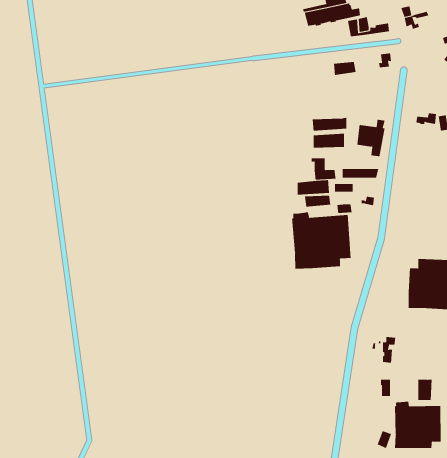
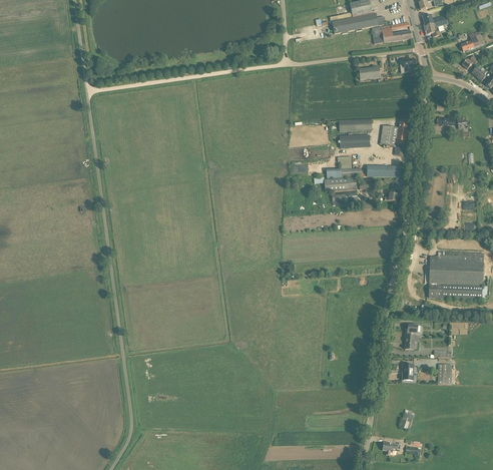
building: [292,212,351,270] -> none
building: [395,401,441,449] -> none

